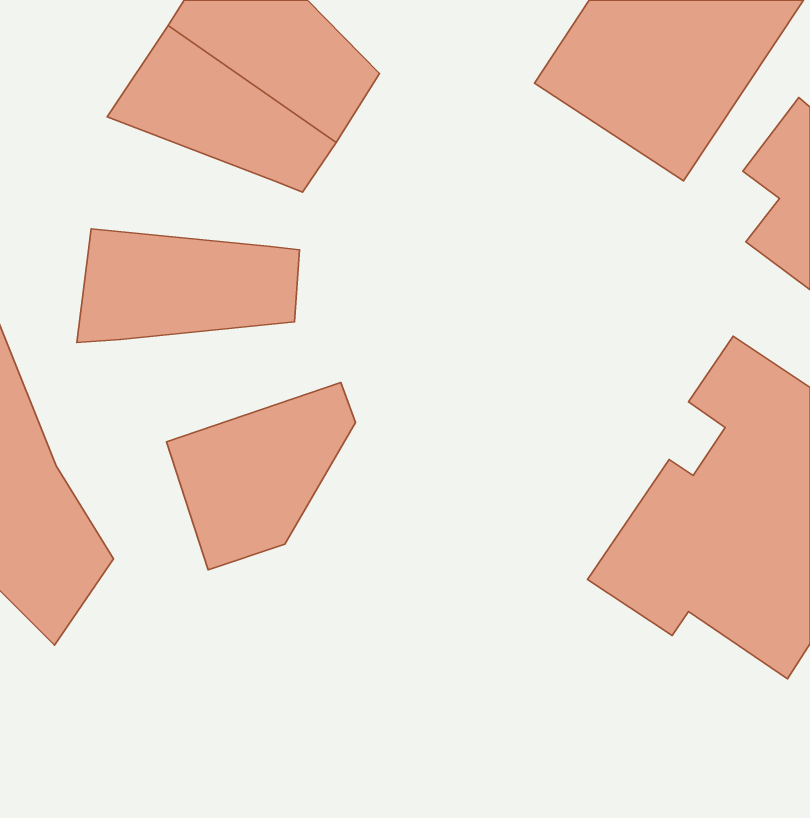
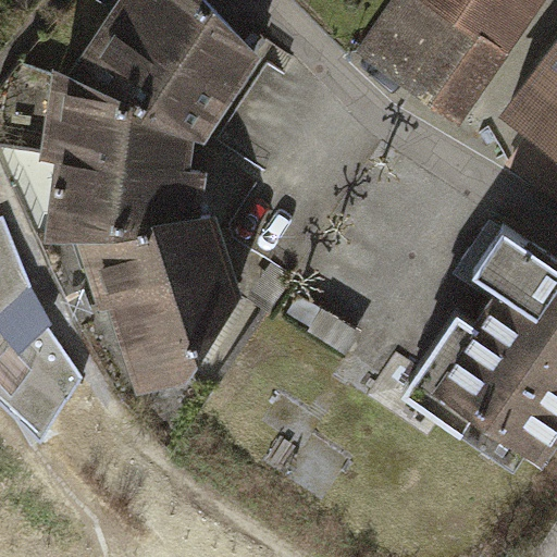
building: none -> [45,72,189,168]
building: none -> [82,216,232,304]

